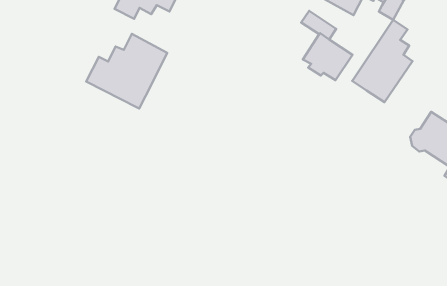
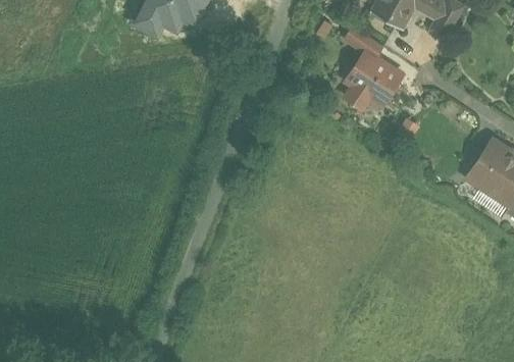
building: [352,20,412,102] -> none
building: [86,34,167,108] -> none

